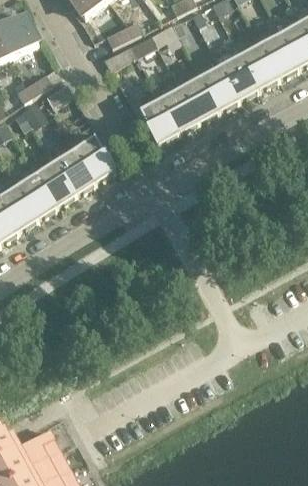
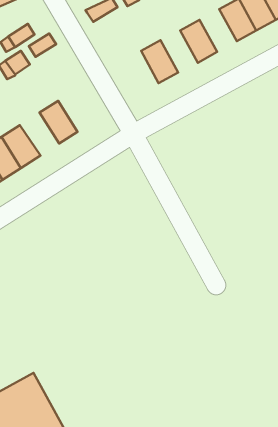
building: [220,55,258,99] -> none
building: [180,77,218,120] -> none
building: [140,98,178,143] -> none
building: [75,136,115,181] -> none
building: [36,161,76,205] -> none

